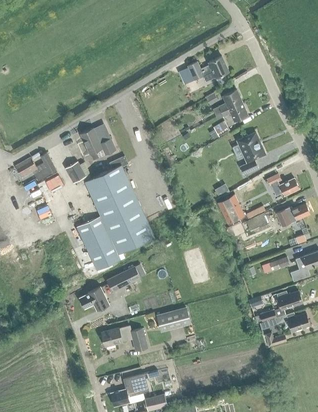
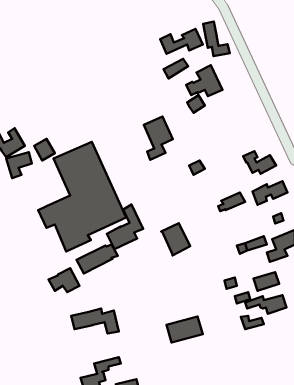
building: none -> [203,21,230,56]
building: [80,128,116,160] -> none
building: [237,133,265,175] -> [144,116,173,160]
building: [217,194,245,225] -> [161,223,190,255]
building: none -> [107,205,143,249]
building: [156,307,191,332] -> [166,317,203,342]

